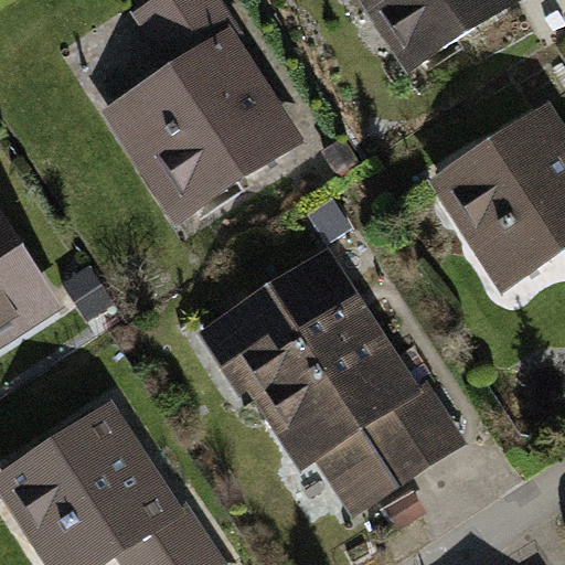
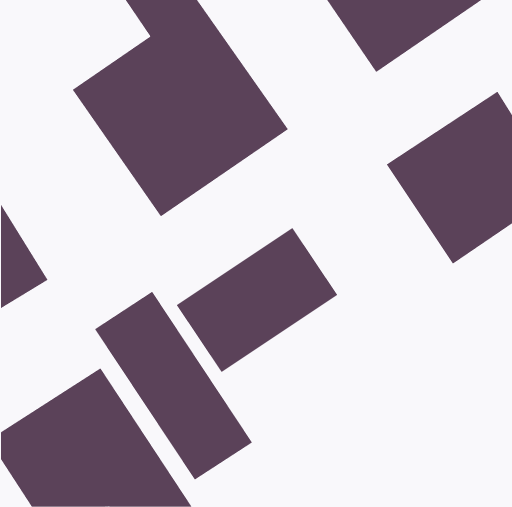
building: none -> [94,291,253,481]
building: [246,322,454,510] -> none

